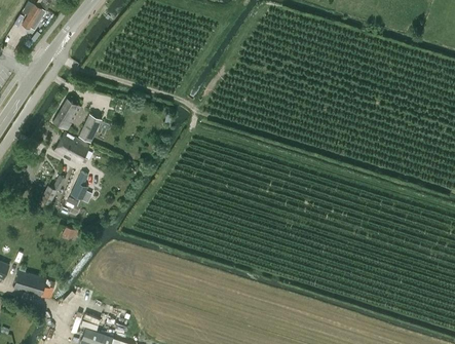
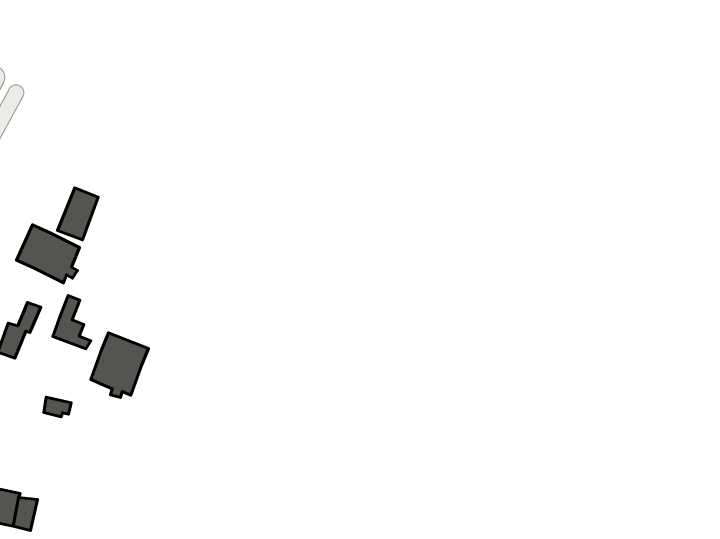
building: [53,99,80,129] -> none
building: none -> [91,333,148,398]

